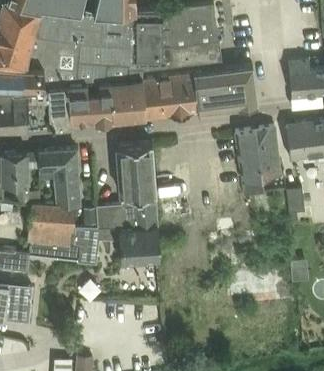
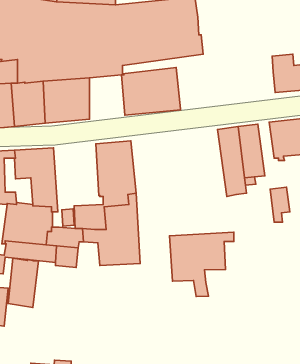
building: [196,65,258,112] -> none
building: [112,79,146,122] -> none
building: none -> [170,232,234,297]
building: none -> [8,258,38,307]

